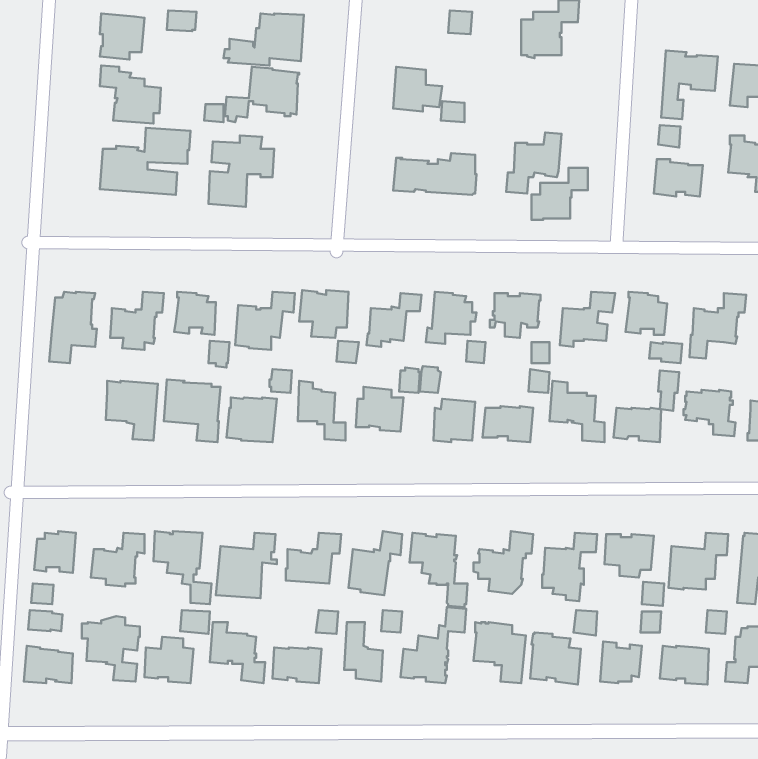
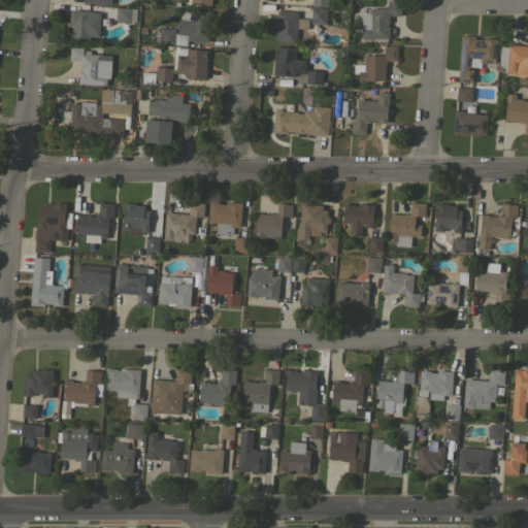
building: none -> [277,11,310,43]
building: [531,168,588,220] -> [360,46,399,82]
building: none -> [32,257,65,306]

